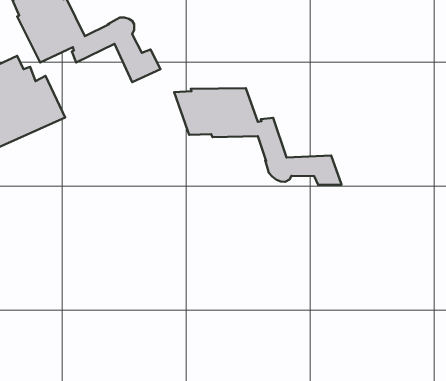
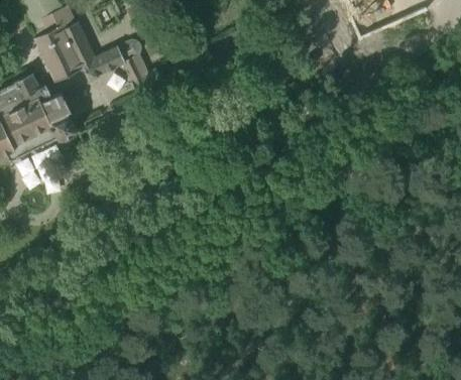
building: [174,88,342,185] -> none

